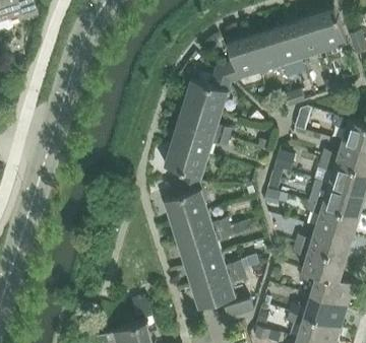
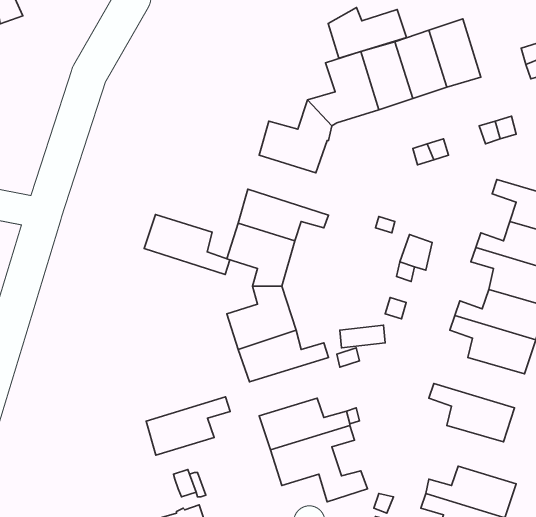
building: none -> [328,7,406,58]
building: [313,9,347,53] -> none
building: [178,101,232,139] -> [144,215,230,274]
building: [179,228,232,265] -> [146,397,230,455]
building: [295,228,352,260] -> none
building: [300,271,354,307] -> none

